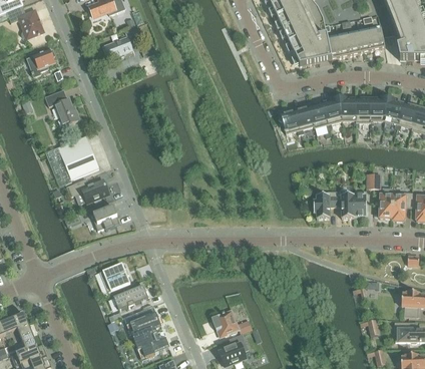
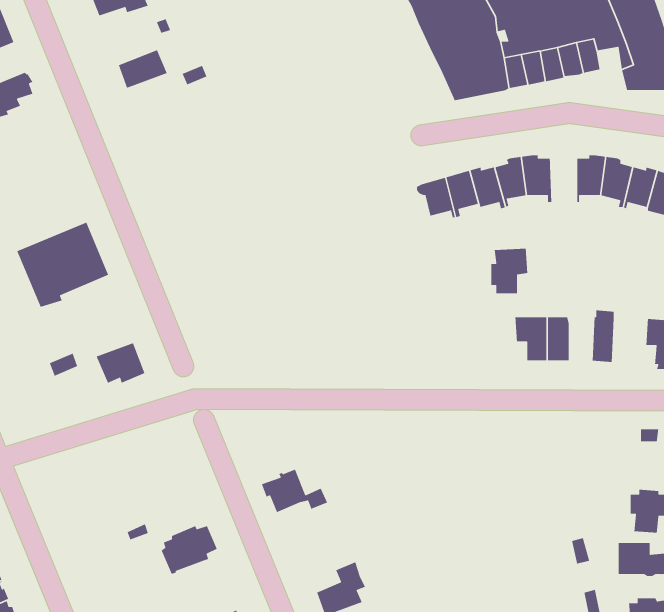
building: [44,89,79,125] -> none
building: [355,97,370,126] -> none
building: [66,178,108,203] -> none
building: [313,191,335,218] -> [490,248,528,294]
building: [391,192,411,221] -> none
building: [100,263,129,291] -> none
building: [112,284,147,309] -> none
building: [210,309,250,335] -> [261,468,328,513]
building: [134,333,168,357] -> none

